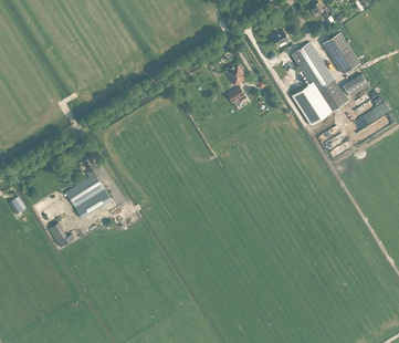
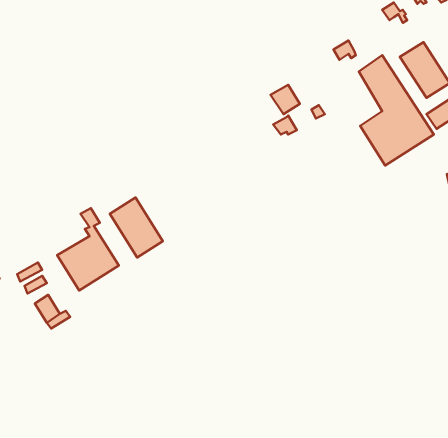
building: none -> [110,197,163,257]

